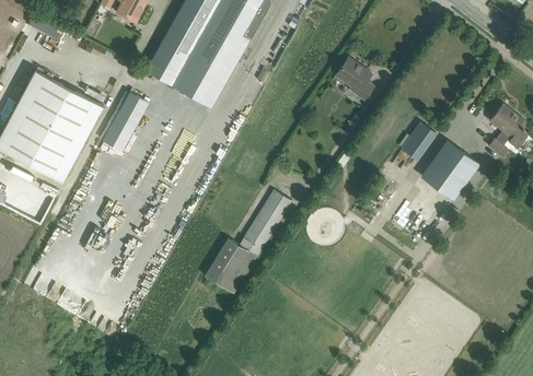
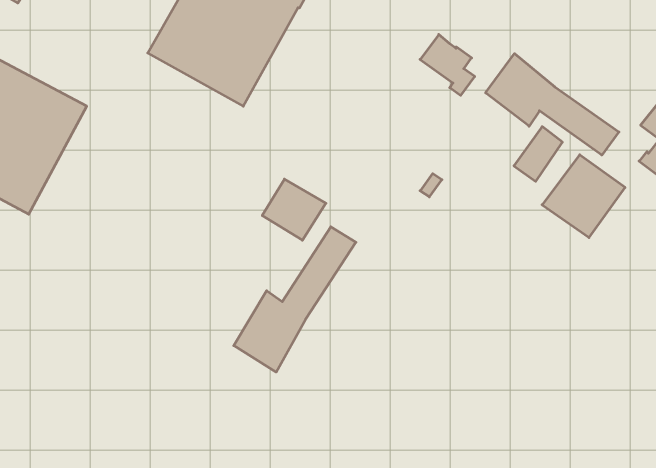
building: none -> [486,54,619,155]
building: [102,92,149,151] -> none
building: none -> [262,179,326,240]

